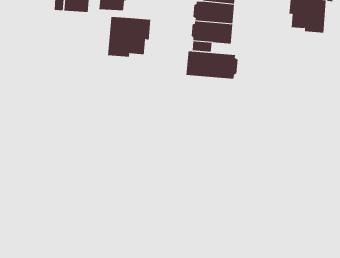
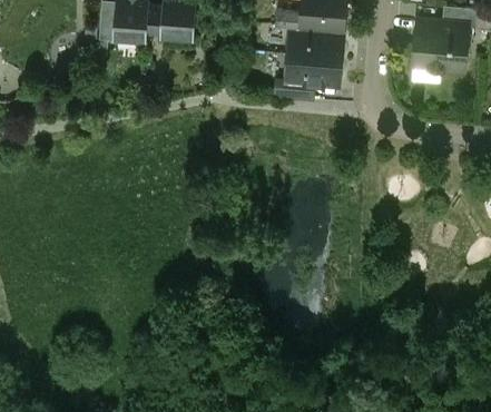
building: [108,16,151,58] -> none
building: [186,50,238,80] -> none

